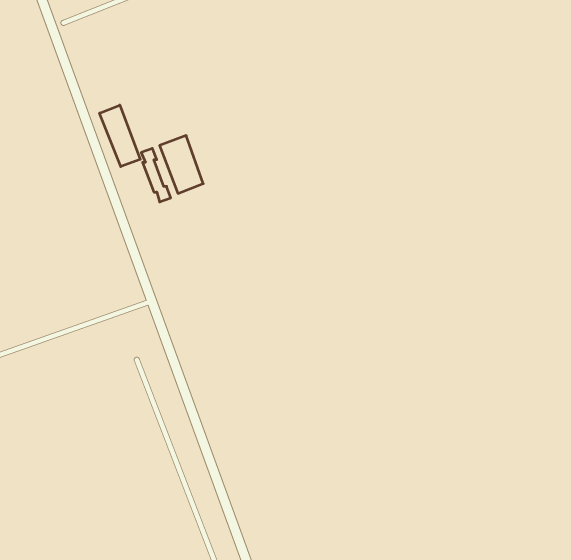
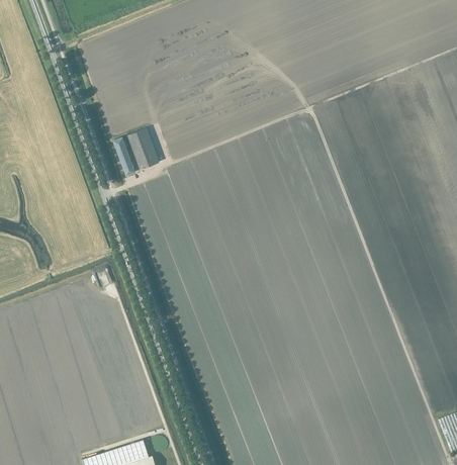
building: [100,105,140,167] -> none

